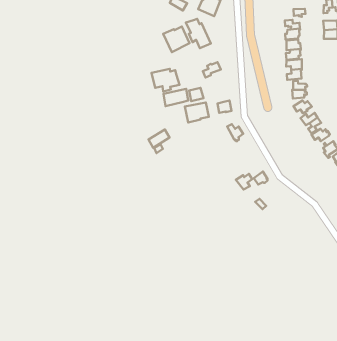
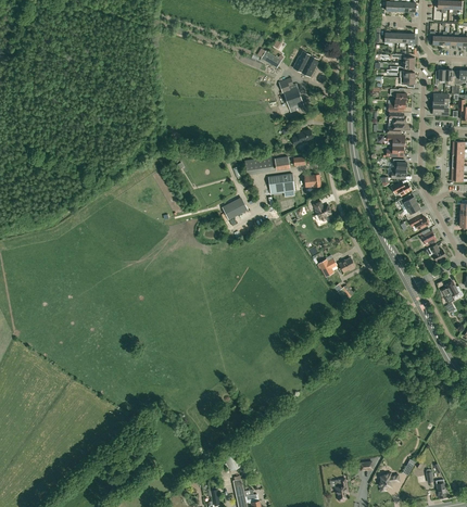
building: [163,27,189,52] -> none
building: [152,69,179,91] -> none

